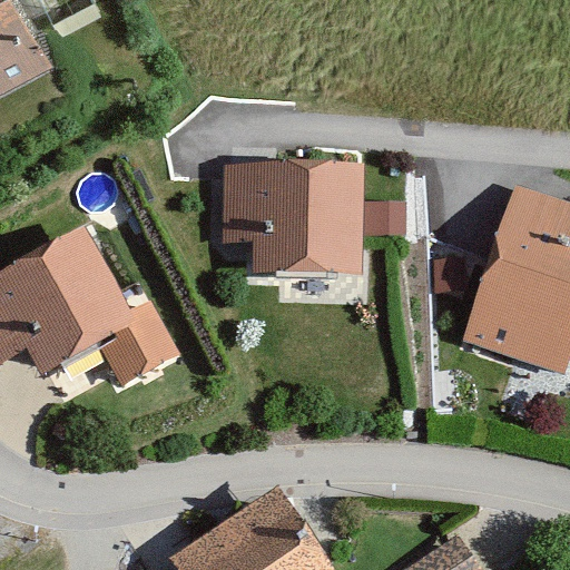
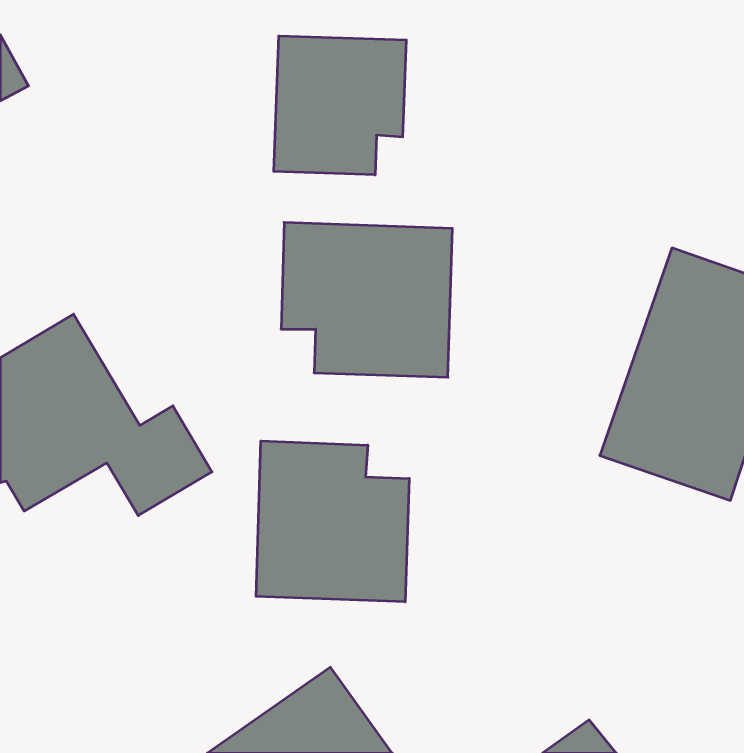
building: none -> [274,36,406,175]
building: none -> [256,441,409,602]

